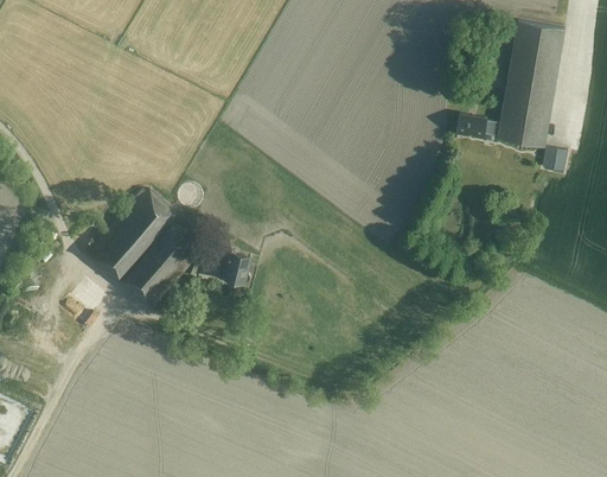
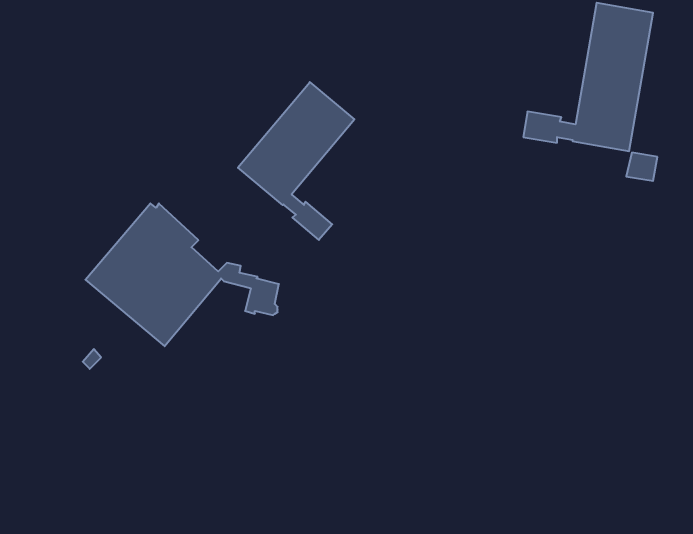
building: none -> [238,82,354,240]

